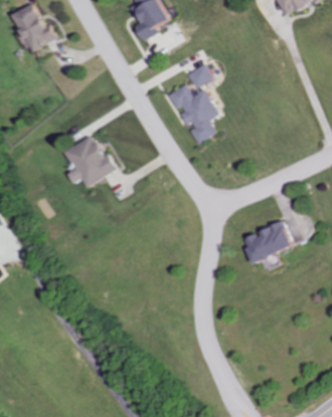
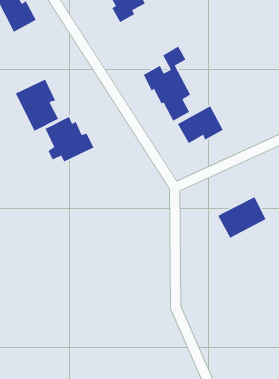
building: none -> [15,78,59,132]
building: none -> [177,105,224,144]

